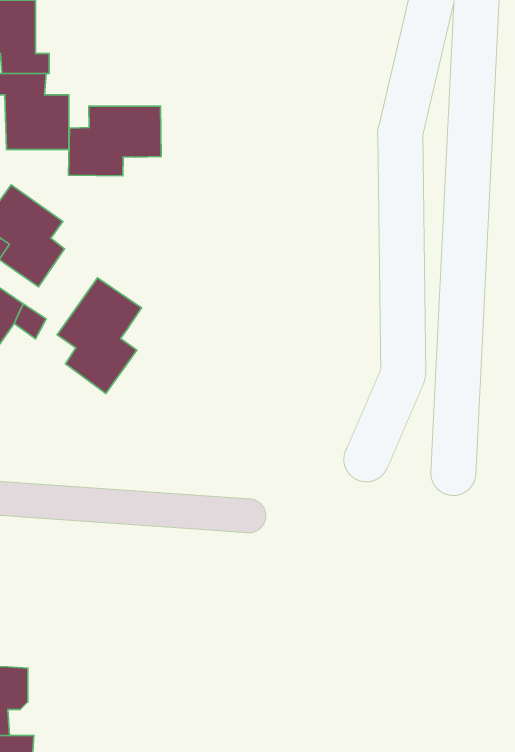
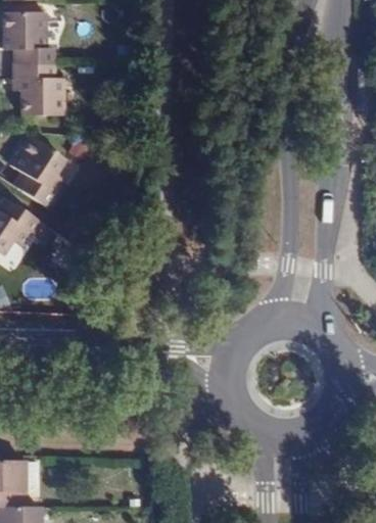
building: [68,106,161,176] -> none
building: [57,278,142,393] -> none

